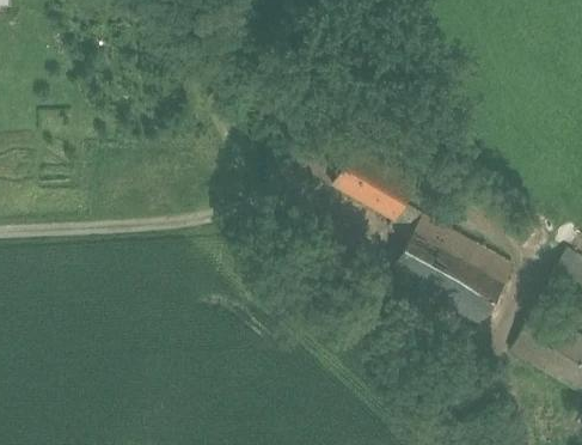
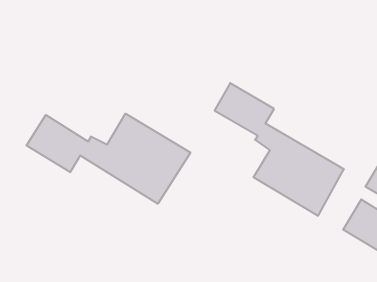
building: none -> [26,114,190,204]

